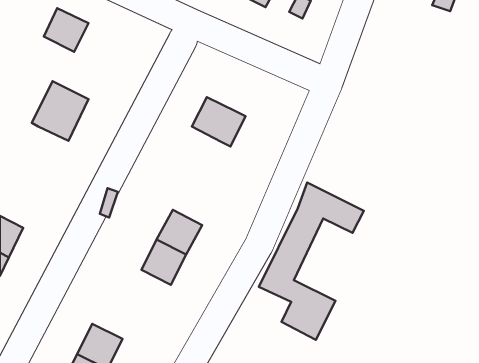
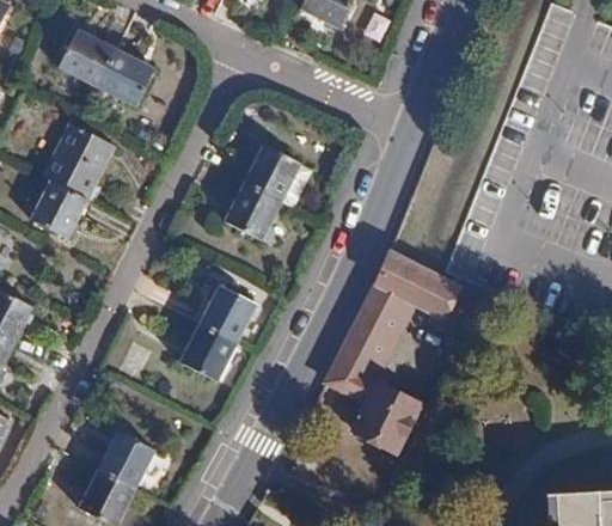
building: none -> [96,49,152,104]
building: none -> [31,179,88,236]
building: none -> [225,179,281,236]

